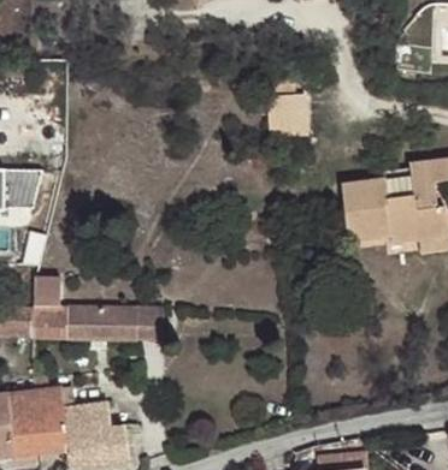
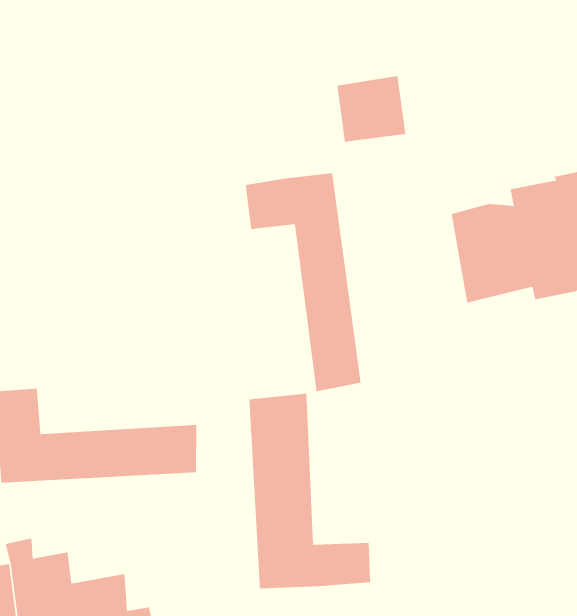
building: none -> [245,173,361,392]
building: none -> [249,393,370,589]

